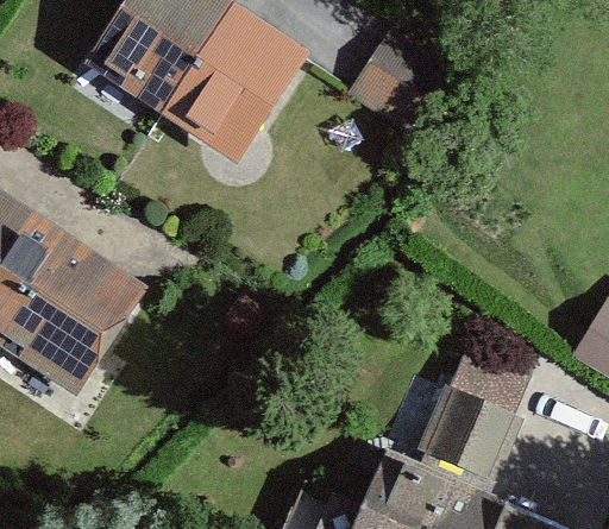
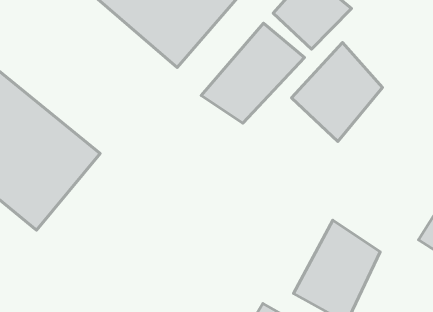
building: none -> [201,23,305,123]
building: none -> [291,43,383,141]

